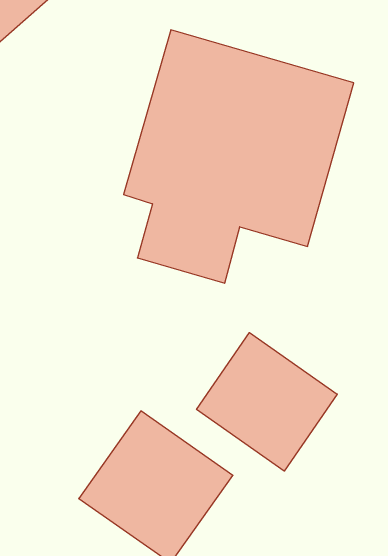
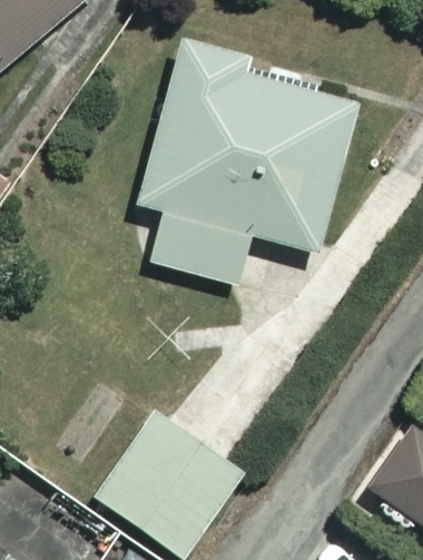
building: [197,333,337,471] -> none

